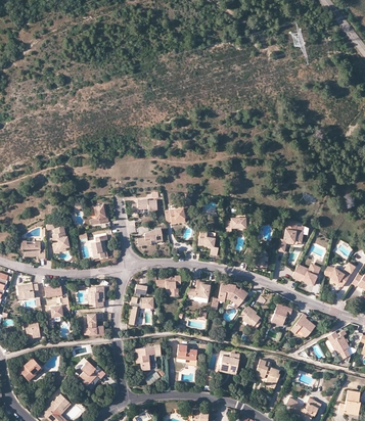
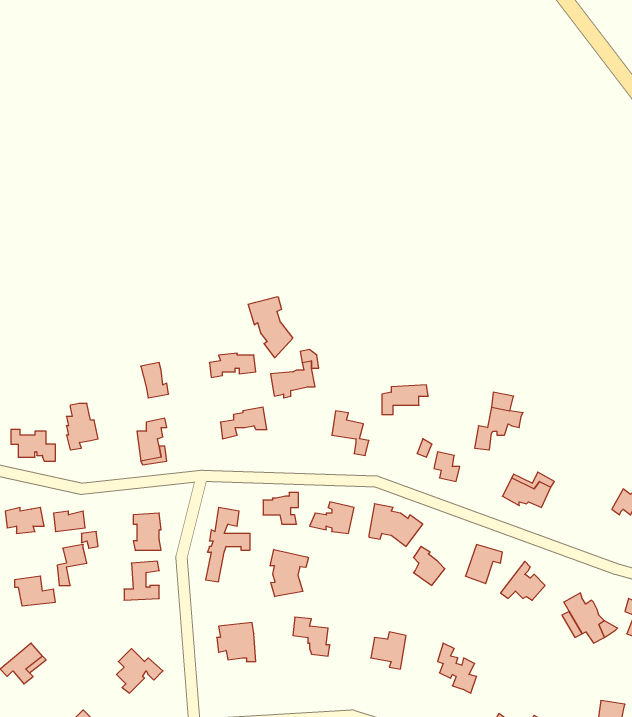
building: none -> [248,297,293,358]
building: [325,265,356,288] -> none
building: none -> [270,549,308,597]

